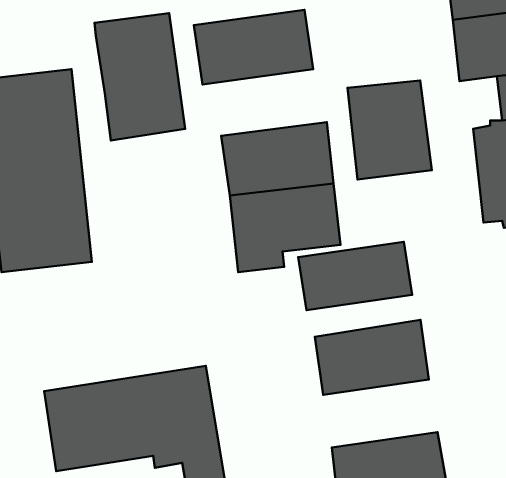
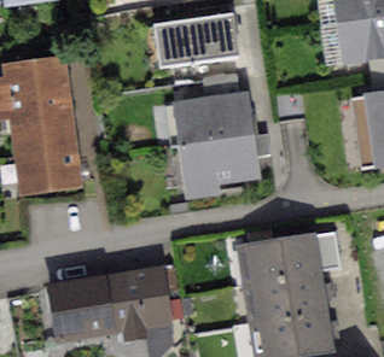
building: [94,13,185,141] -> none
building: [347,80,432,180] -> none
building: [298,242,412,310] -> [245,275,326,323]

